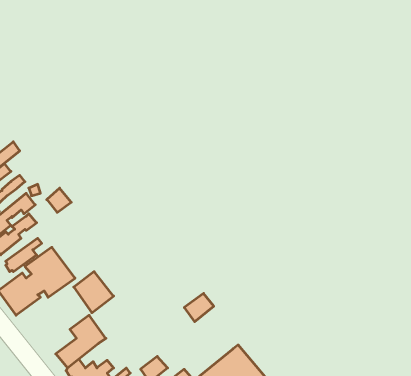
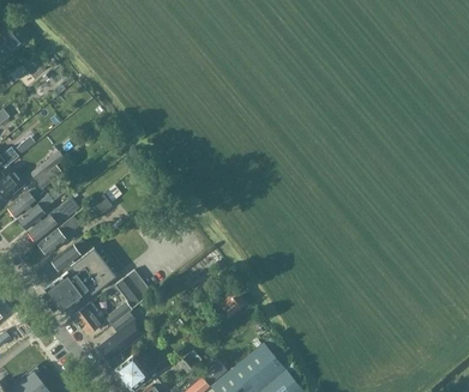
building: none -> [72,302,131,334]

